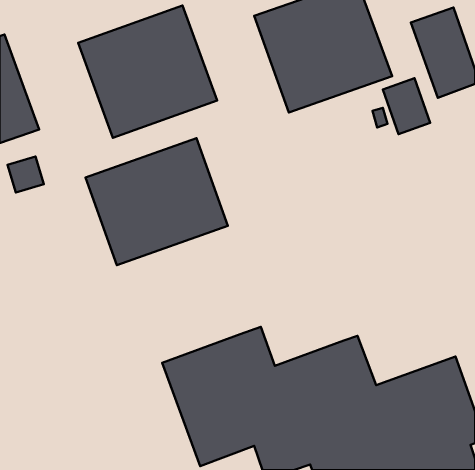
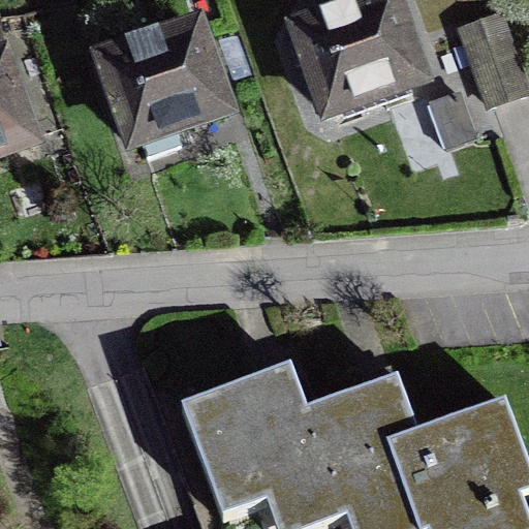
building: [86,138,228,265] -> none

